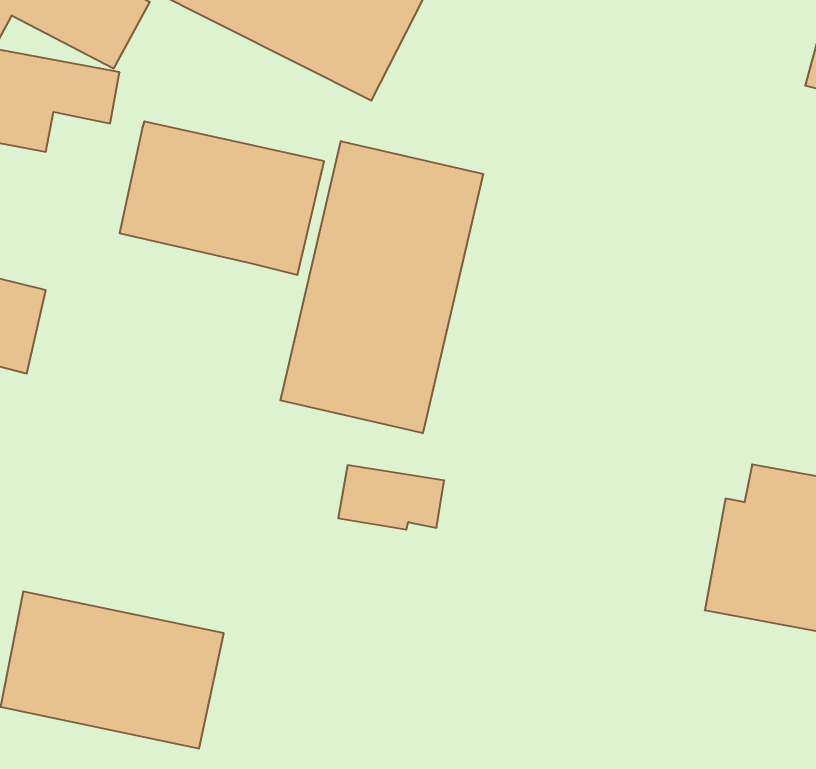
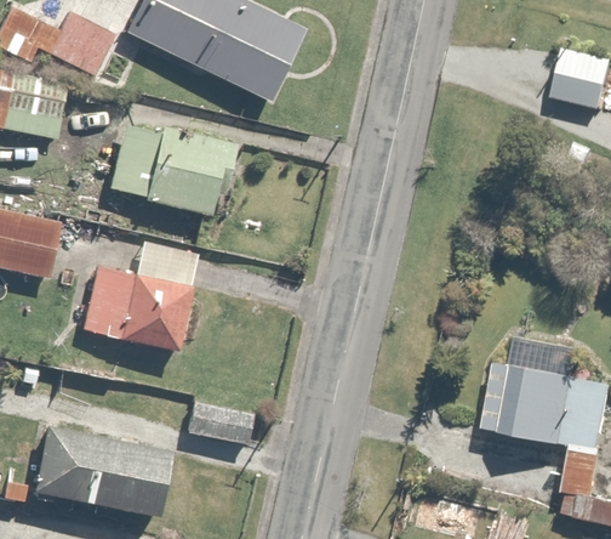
building: [280,141,483,433] -> none
building: none -> [80,242,196,348]
building: [338,465,444,530] -> [184,401,252,442]

